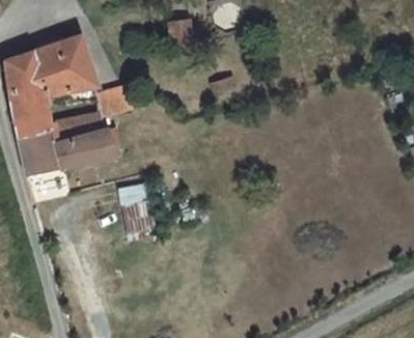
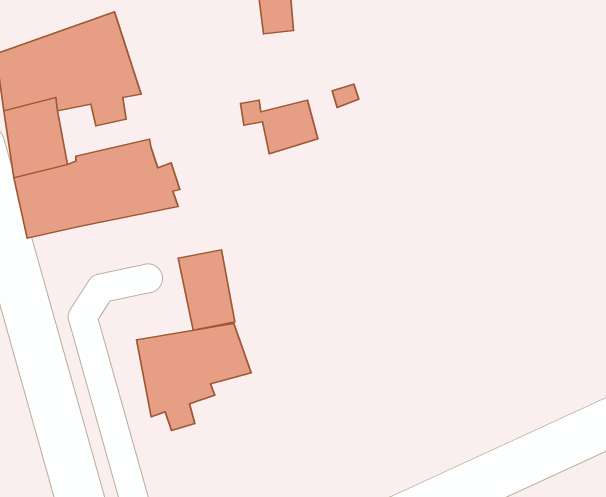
building: [84,85,132,118] -> [241,100,318,154]
building: none -> [136,324,251,431]

